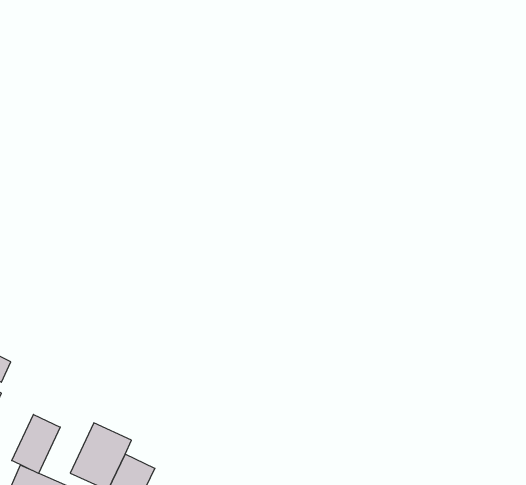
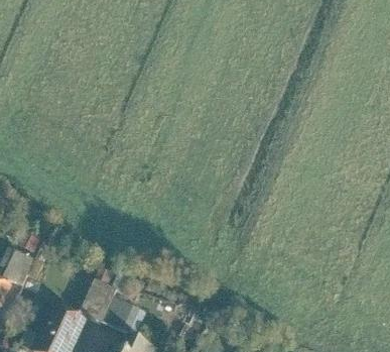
building: [12,414,60,473] -> none

